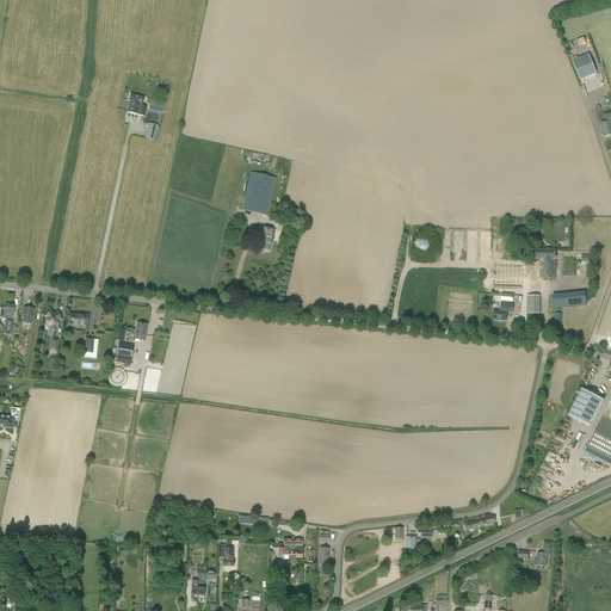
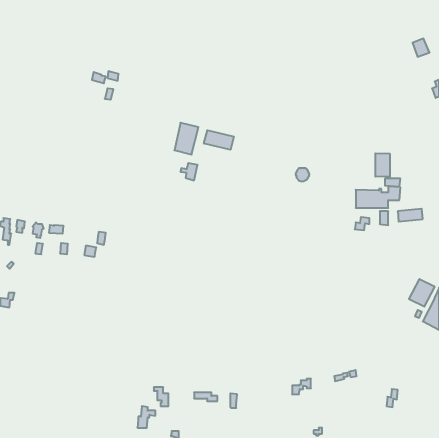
building: none -> [204,130,234,150]
building: none -> [375,153,390,177]

